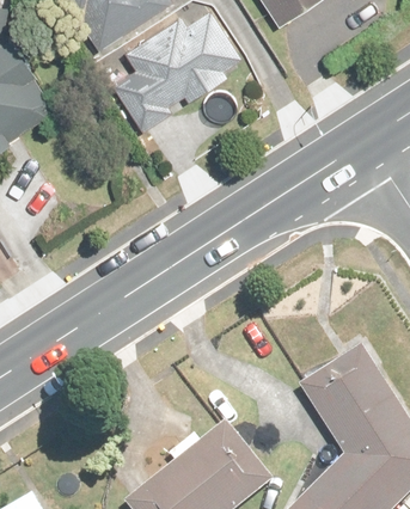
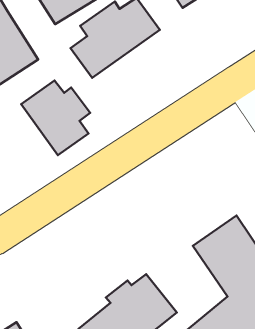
building: none -> [21,81,90,155]

